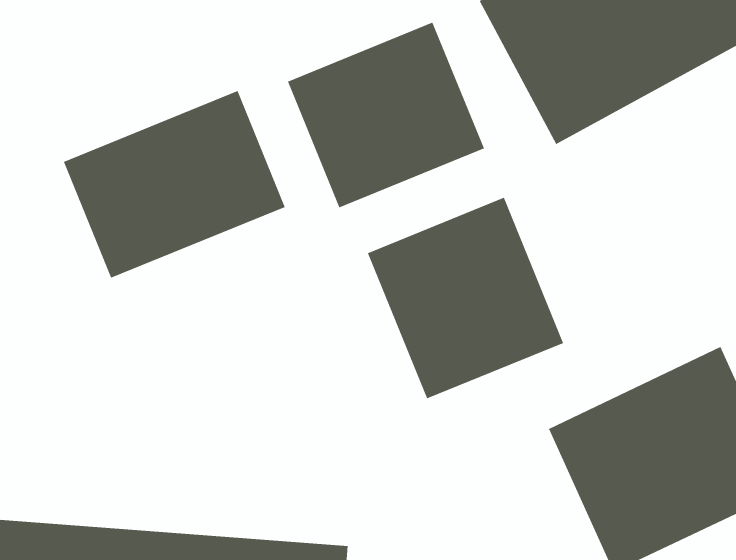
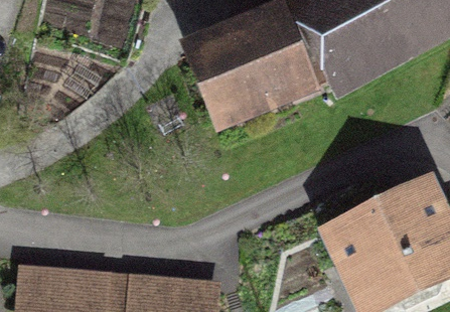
building: [63,90,286,279] -> none
building: [367,197,564,399] -> none

